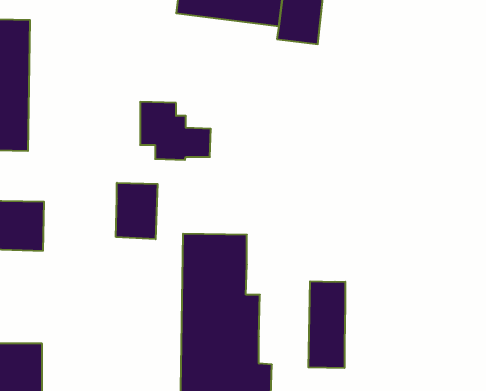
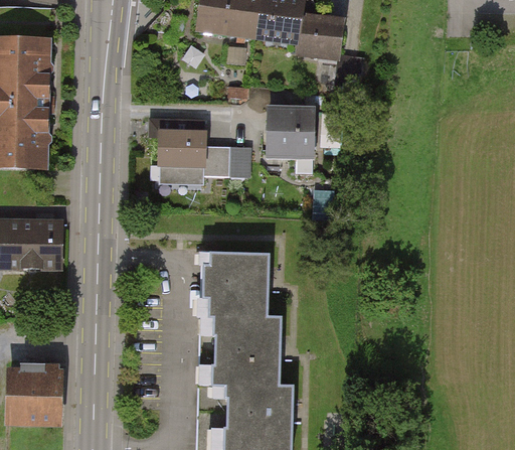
building: none -> [266,105,314,158]
building: [116,183,158,239] -> none
building: [308,281,345,368] -> none

